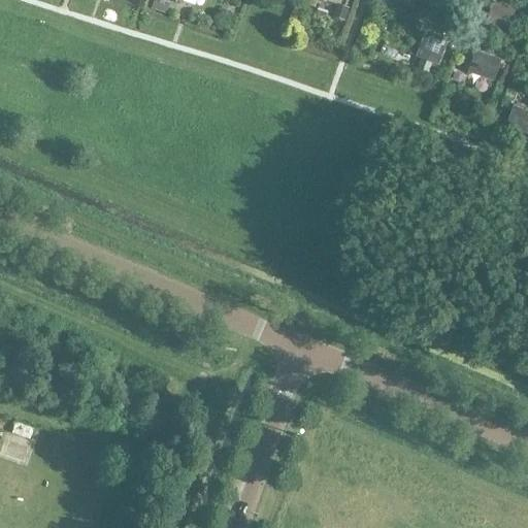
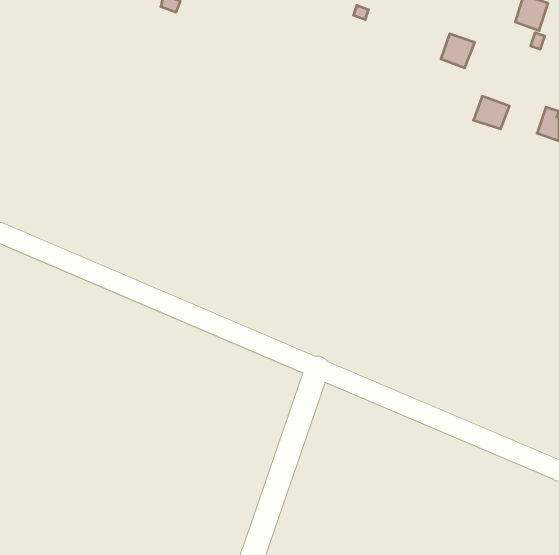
building: [467,48,501,79] -> [473,96,509,129]

